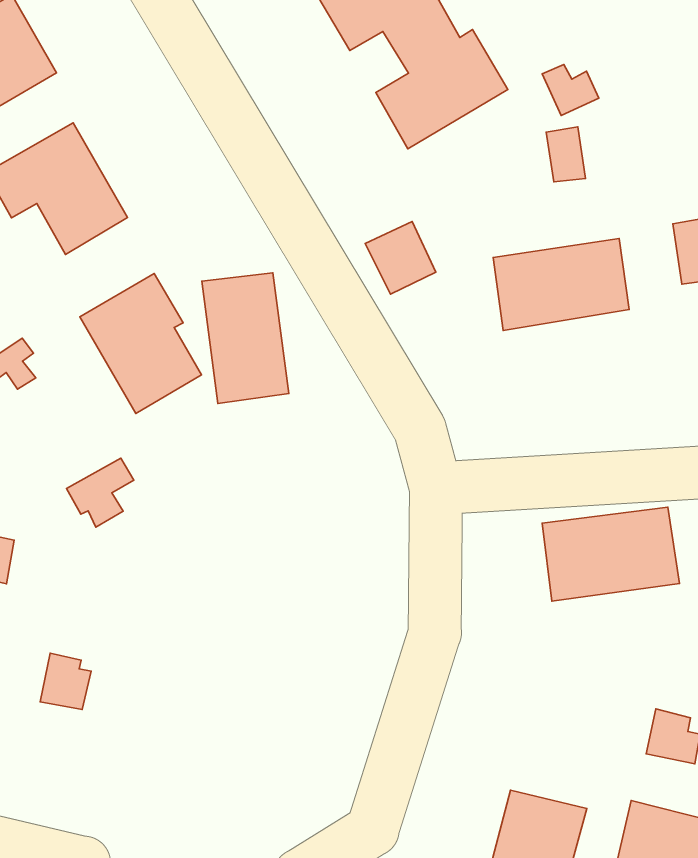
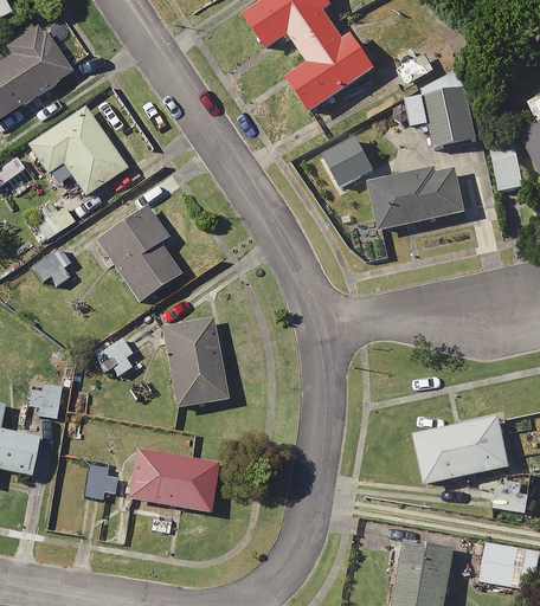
building: none -> [424,71,475,146]
building: [365,222,436,294] -> [324,137,373,187]
building: [202,273,289,403] -> [162,317,225,407]
building: [542,507,679,601] -> [414,415,509,483]
building: none -> [127,447,218,511]

